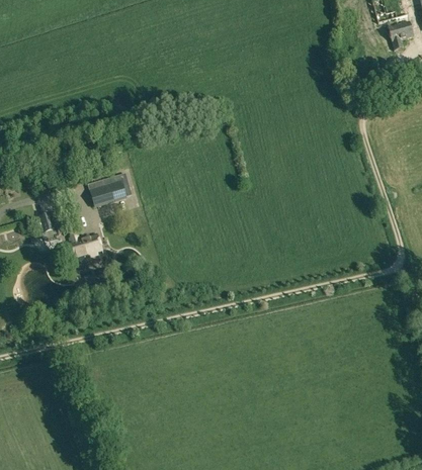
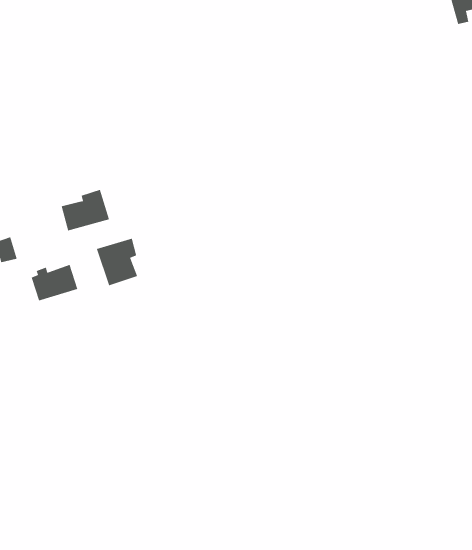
building: none -> [96,238,138,286]

